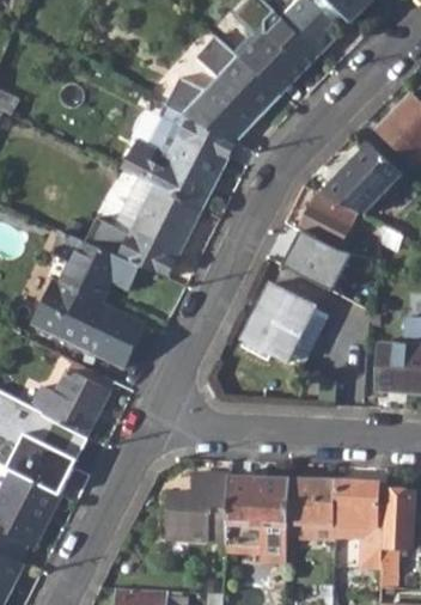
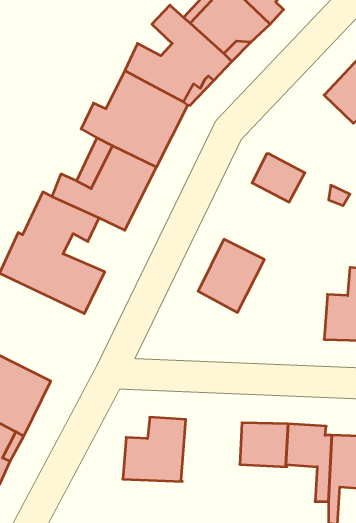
building: [318,142,402,218] -> none
building: [282,233,350,295] -> none
building: [43,369,108,436] -> none
building: [225,477,289,570] -> none

